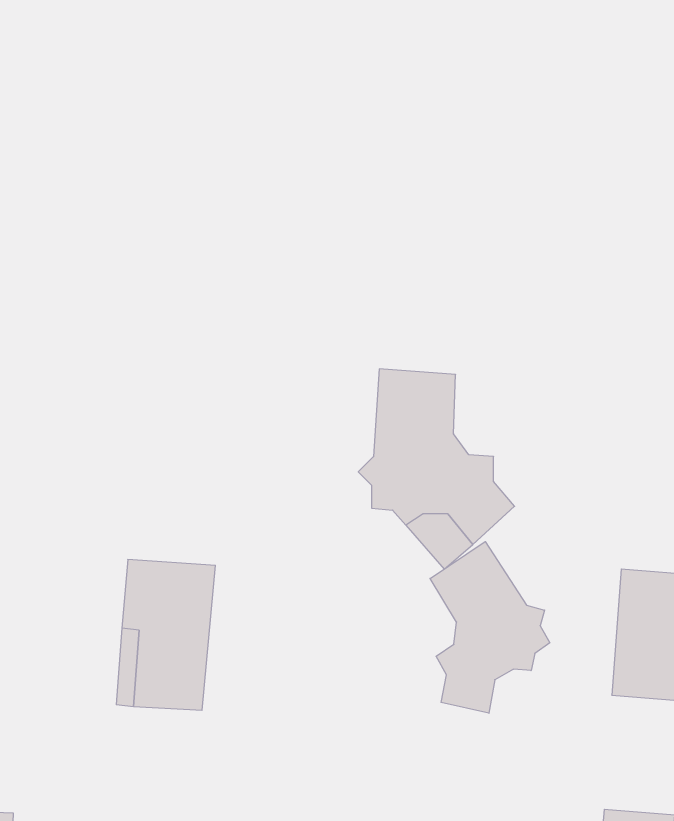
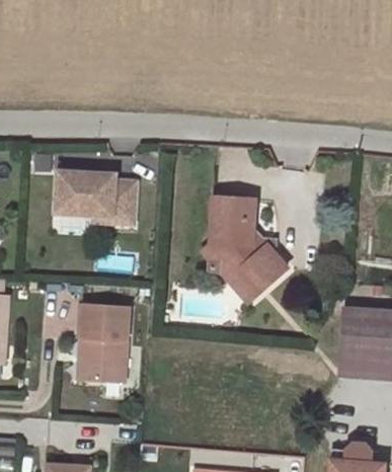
building: none -> [54,173,138,226]
building: [430,542,550,713] -> none

